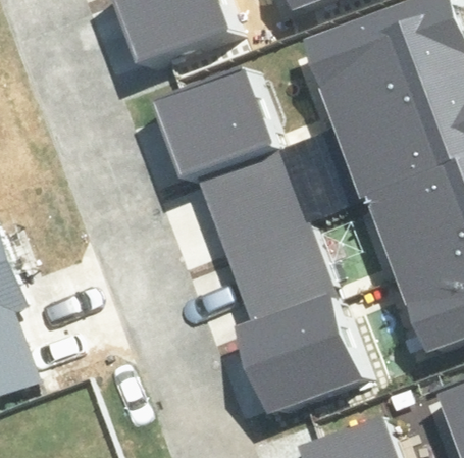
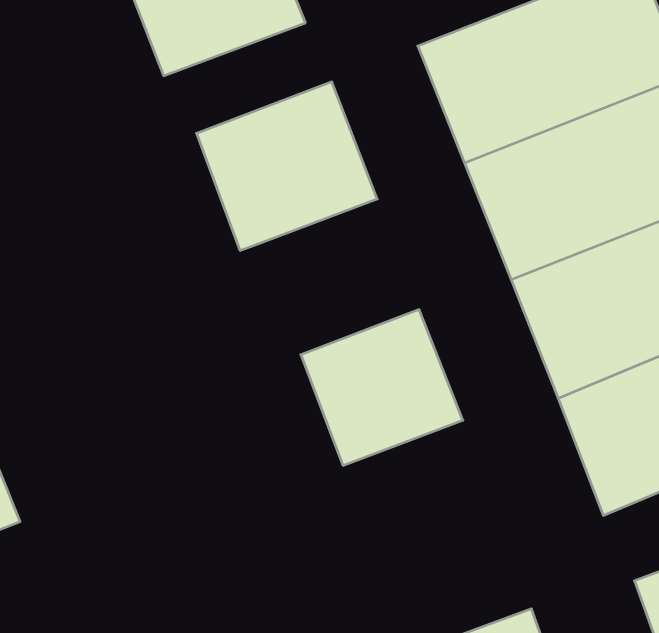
building: [201,148,307,250] -> none
building: [242,293,367,411] -> none

